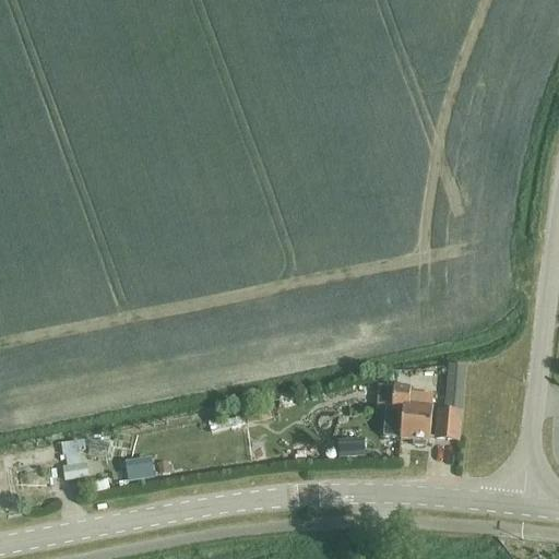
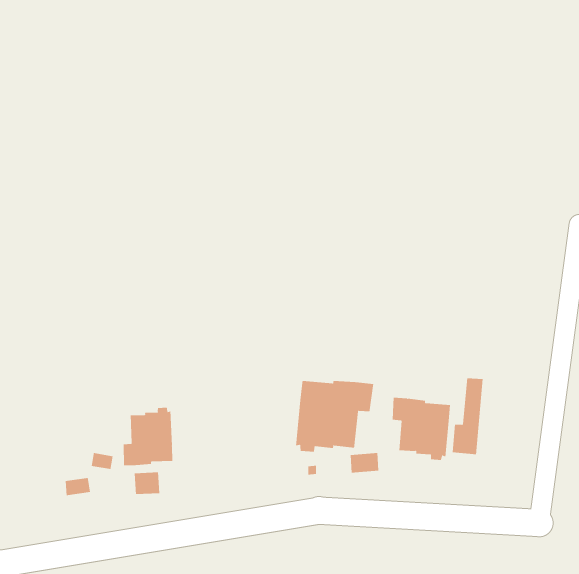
building: none -> [295,380,374,453]
building: none -> [123,407,173,466]

